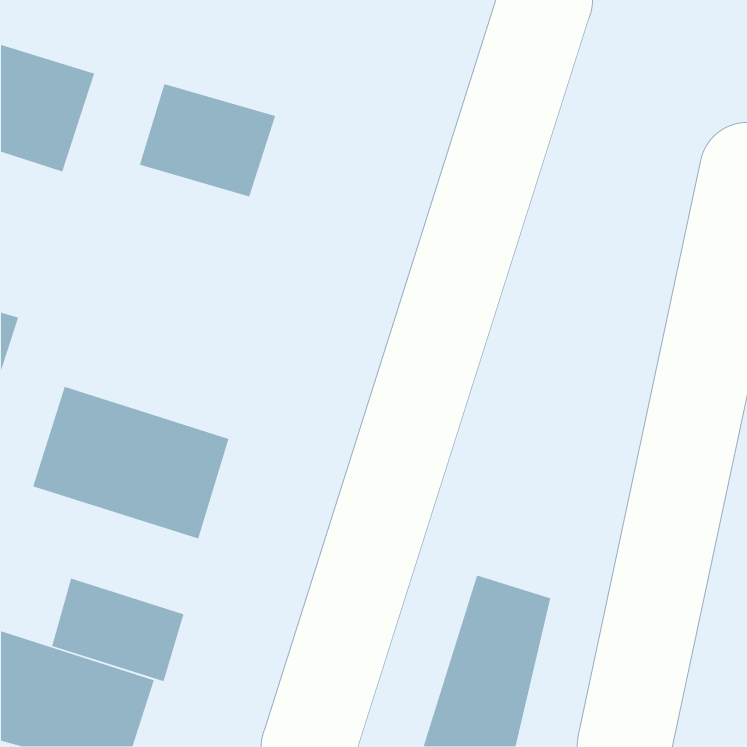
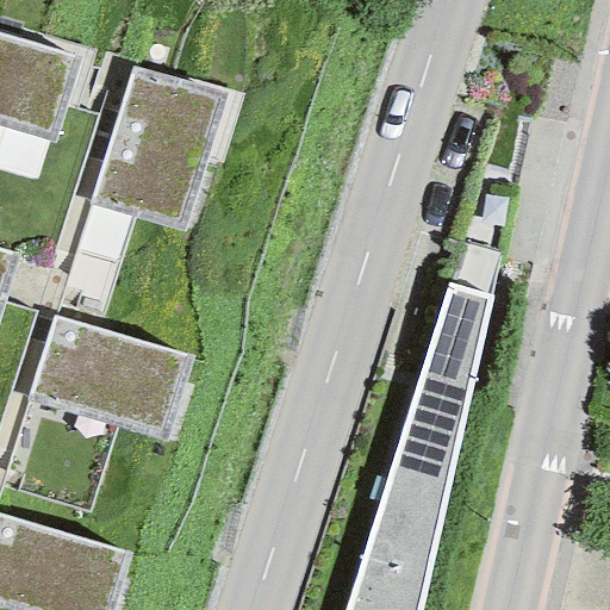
building: none -> [91,135,204,231]
building: none -> [388,285,492,487]
building: [51,578,185,682] -> none

